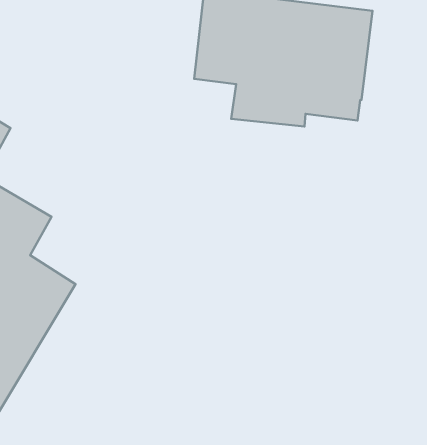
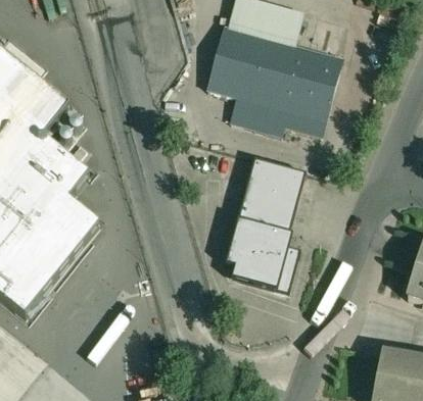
building: none -> [226,157,306,289]

